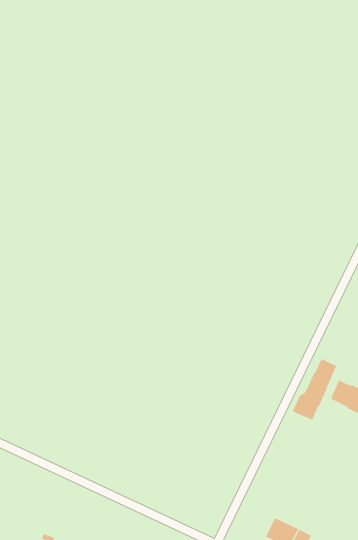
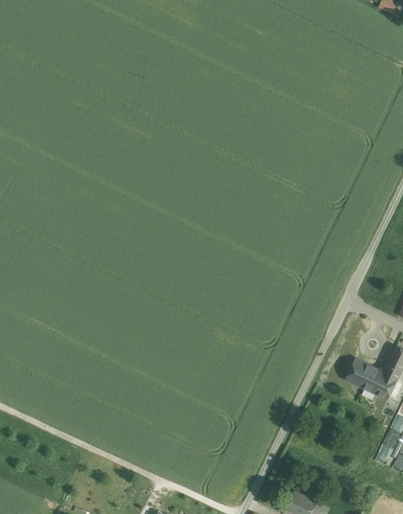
building: [292,358,337,421] -> none

